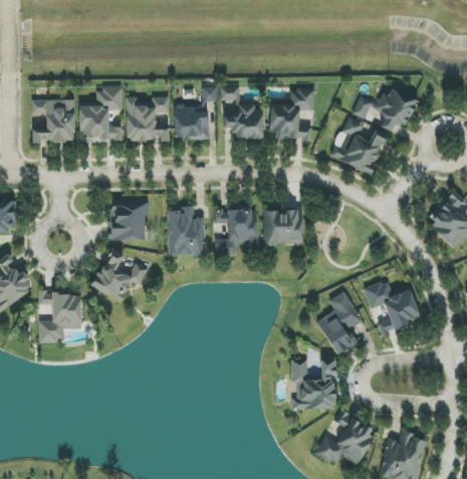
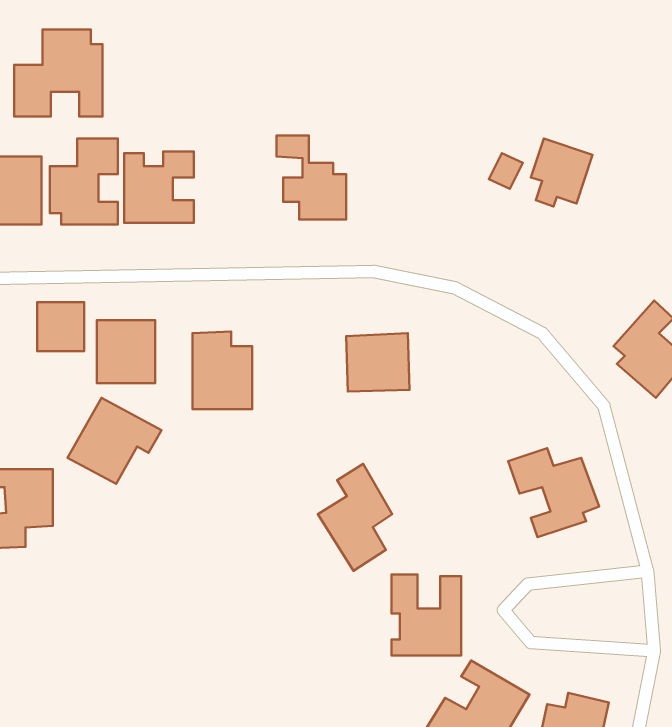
building: none -> [14,30,103,117]
building: [174,86,216,140] -> none
building: [270,88,314,140] -> none
building: [329,116,388,174] -> none
building: none -> [37,302,84,351]
building: [215,208,257,254] -> none
building: [316,290,363,356] -> [318,464,392,571]

